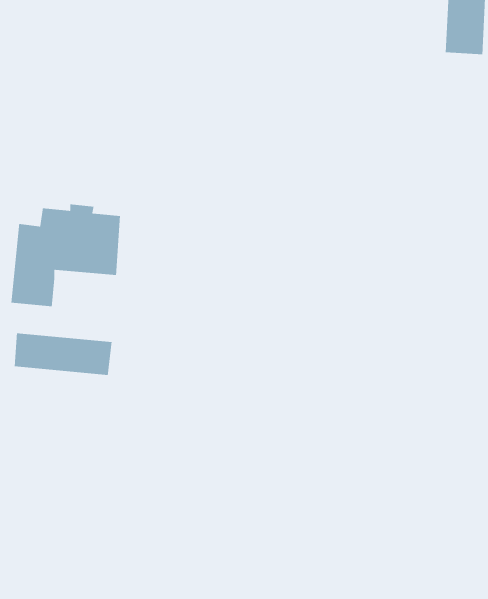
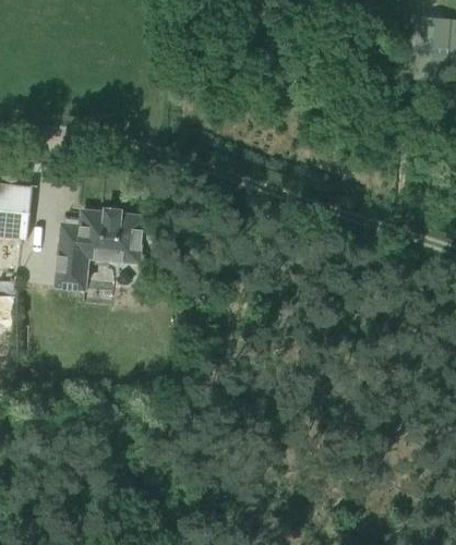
building: [14,332,112,376] -> none

